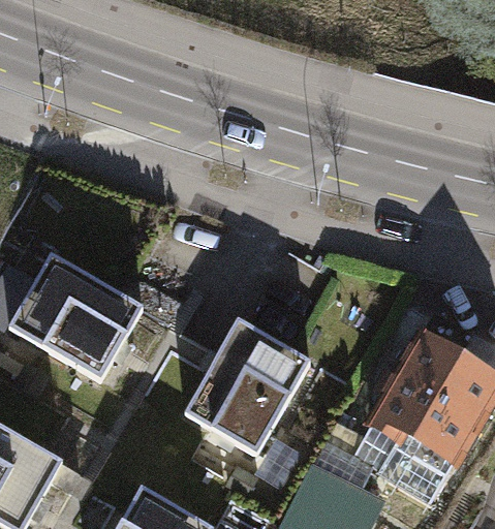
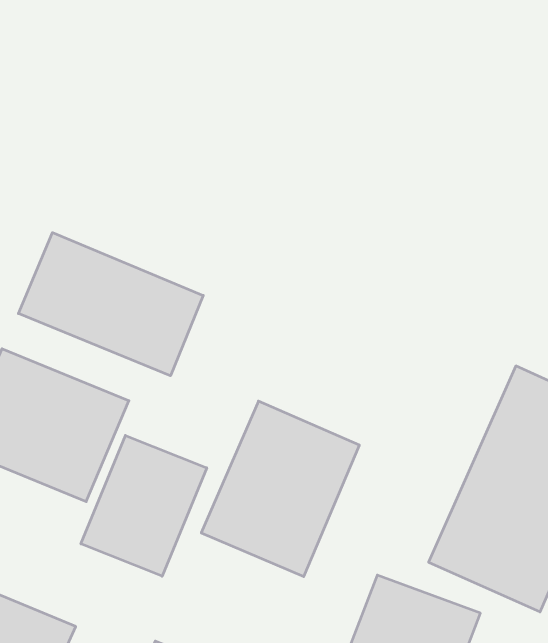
building: none -> [18,233,203,376]
building: none -> [81,435,207,576]

